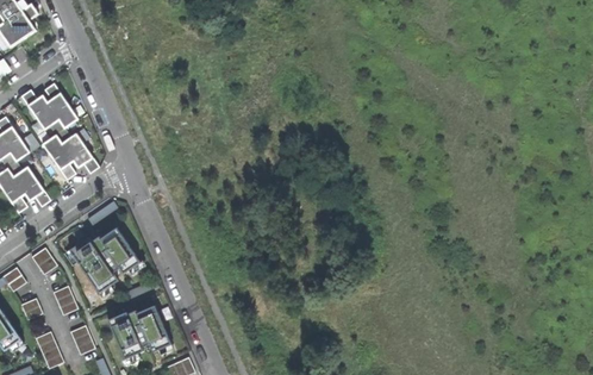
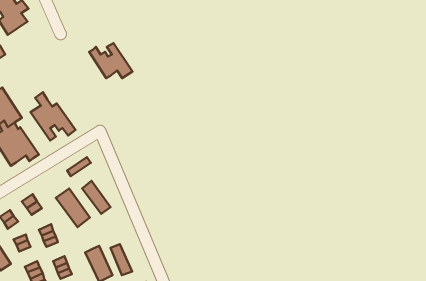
building: [20,85,75,129] -> [89,43,132,78]

